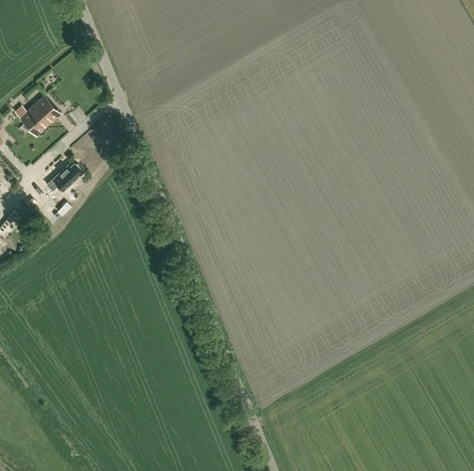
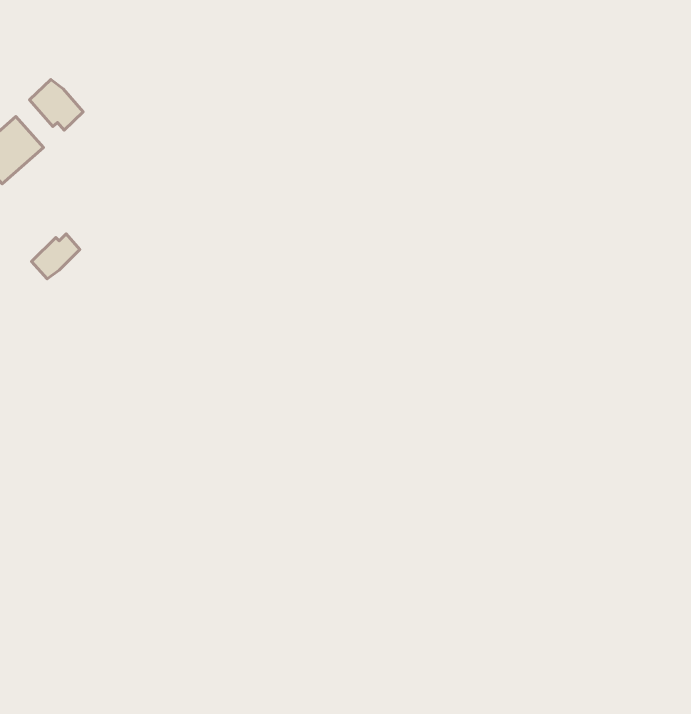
building: none -> [29,79,83,130]

